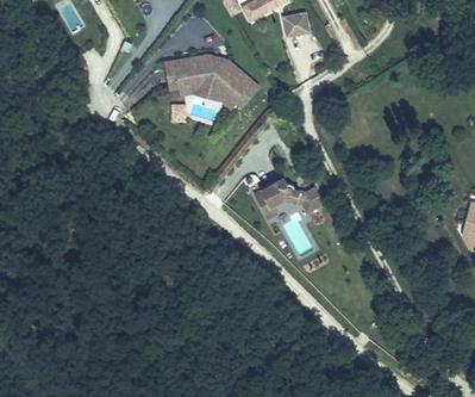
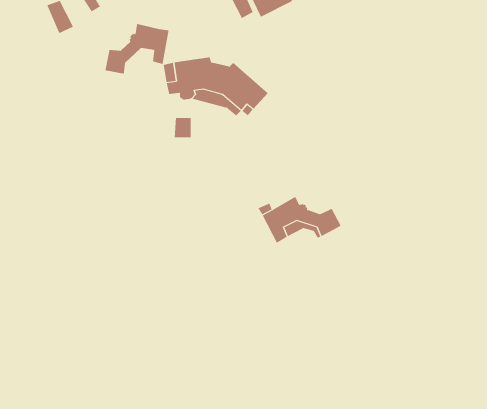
building: [282,12,312,39] -> none
building: none -> [105,23,169,75]

